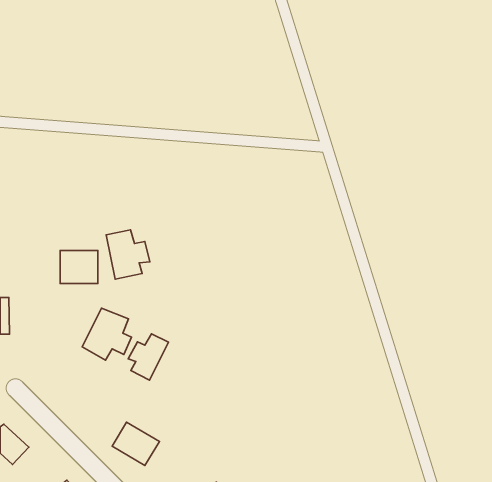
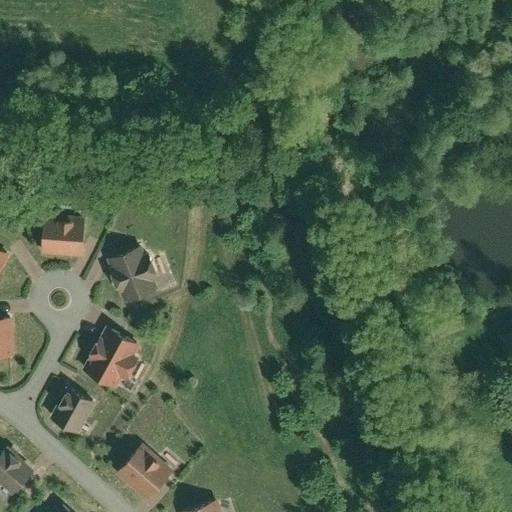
building: [60,251,98,283] -> [43,221,82,255]
building: [128,334,169,380] -> none
building: none -> [54,390,91,433]

